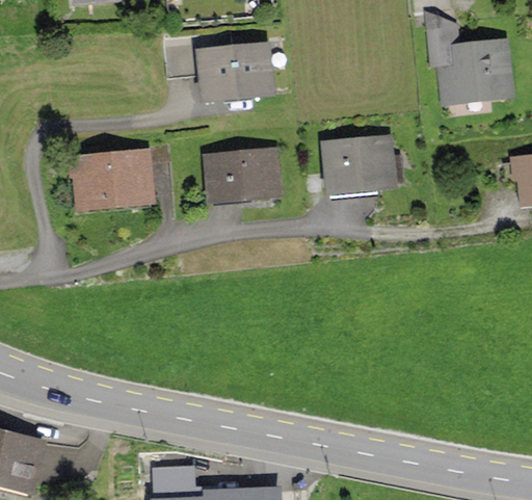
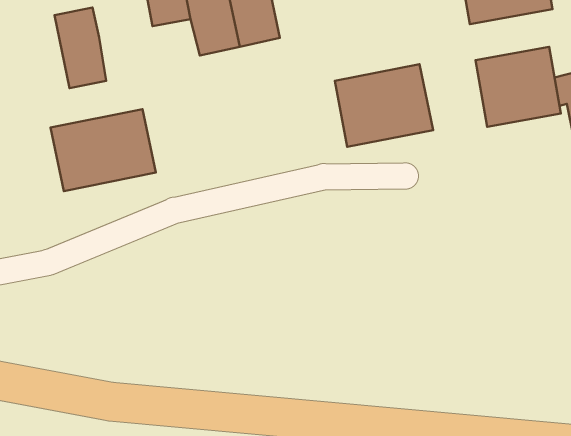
building: none -> [55,7,106,88]
building: none -> [475,47,561,127]
building: [205,148,284,203] -> none

